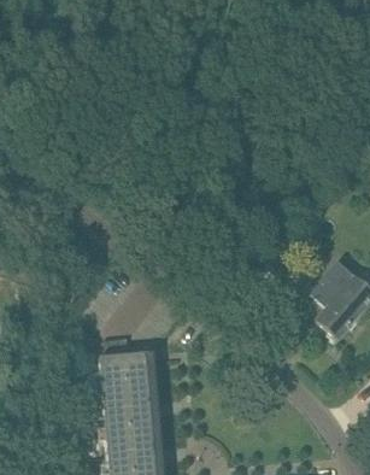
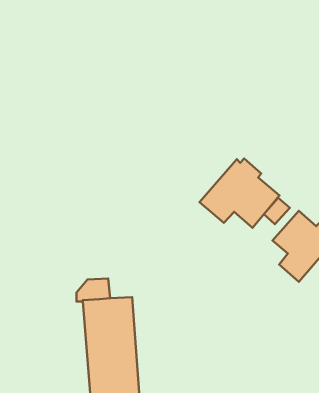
building: none -> [200,159,279,228]

